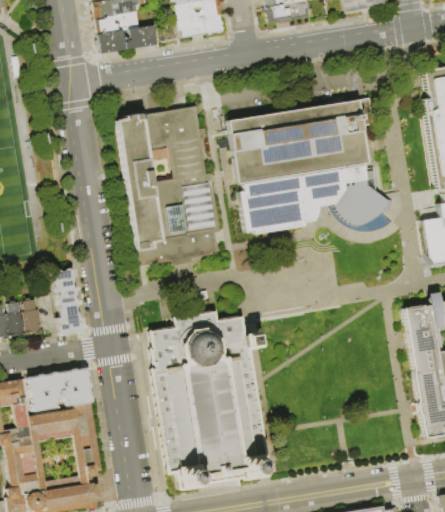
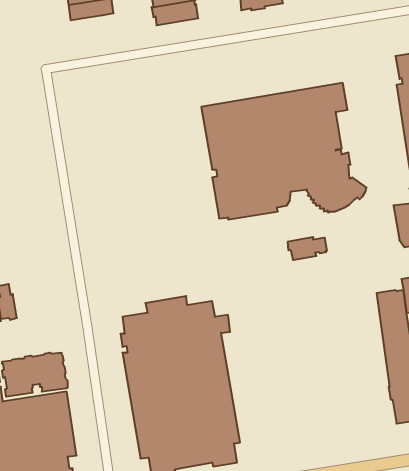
building: [95,24,157,52] -> none
building: [116,104,223,265] -> none
building: none -> [288,237,327,260]
building: [50,267,80,335] -> none

